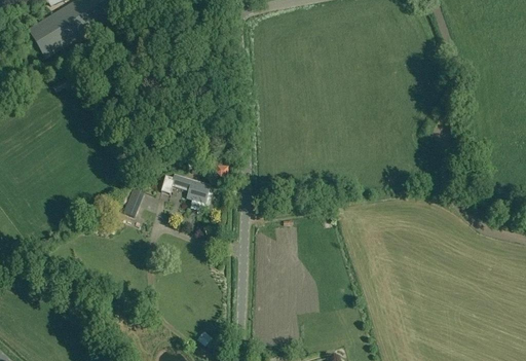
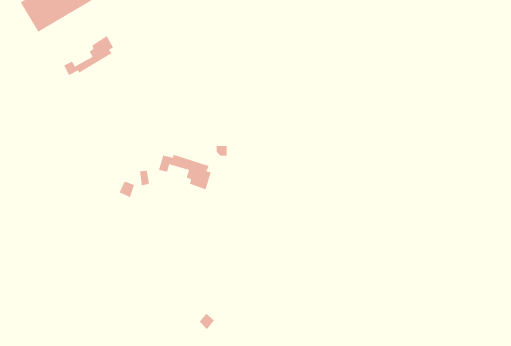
building: none -> [63,35,114,76]

